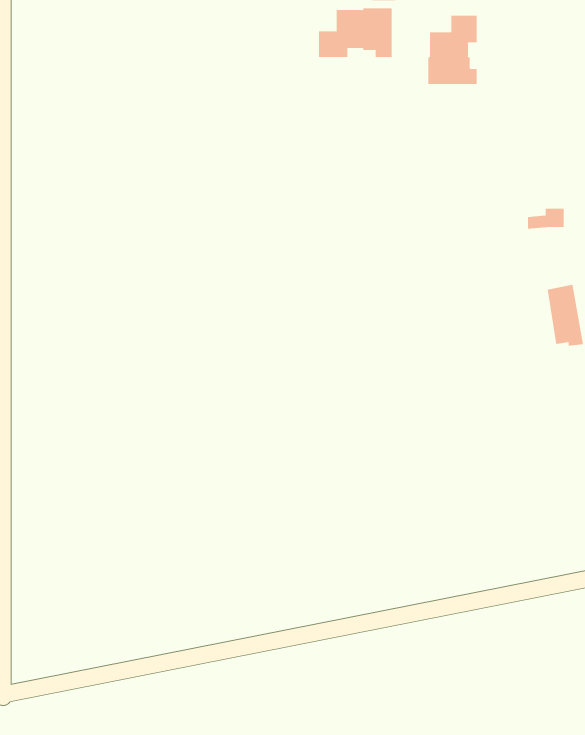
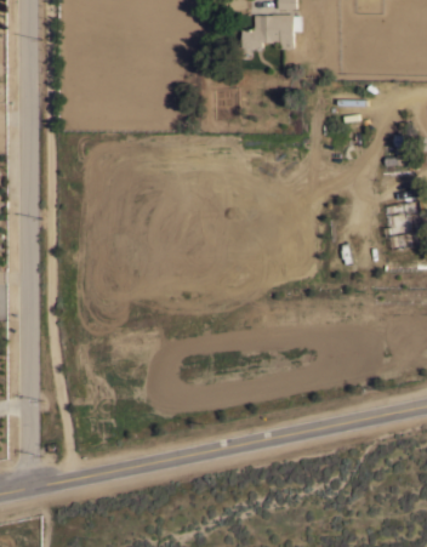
building: [428,15,477,85] -> none

